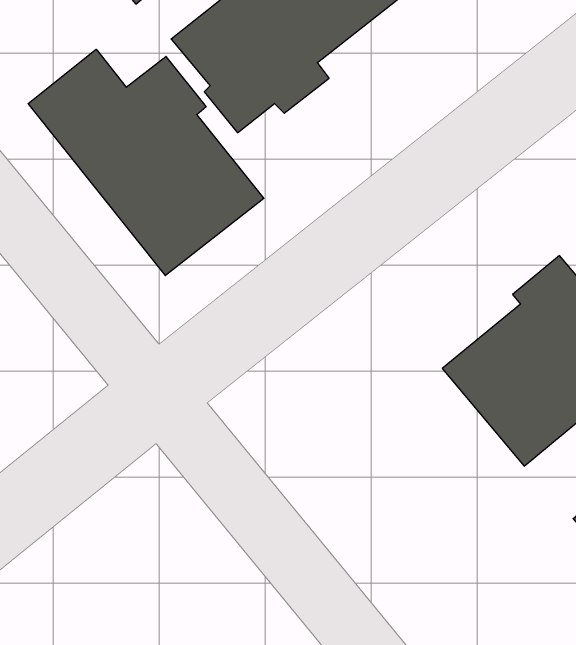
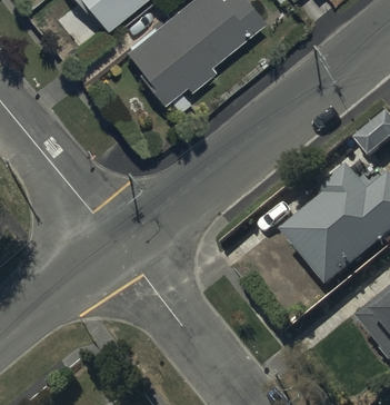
building: [28,49,264,276] -> none

